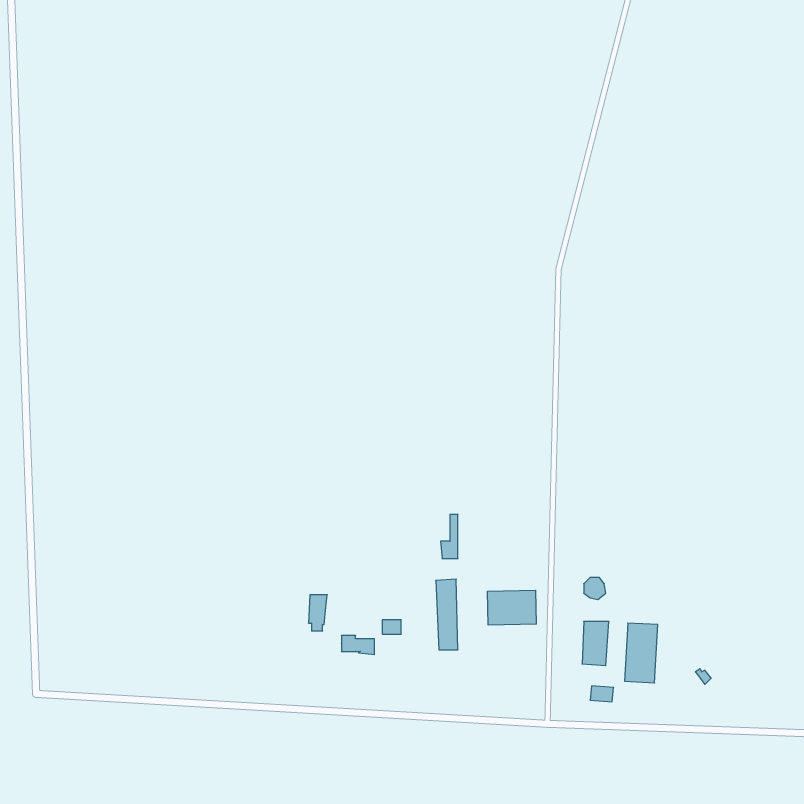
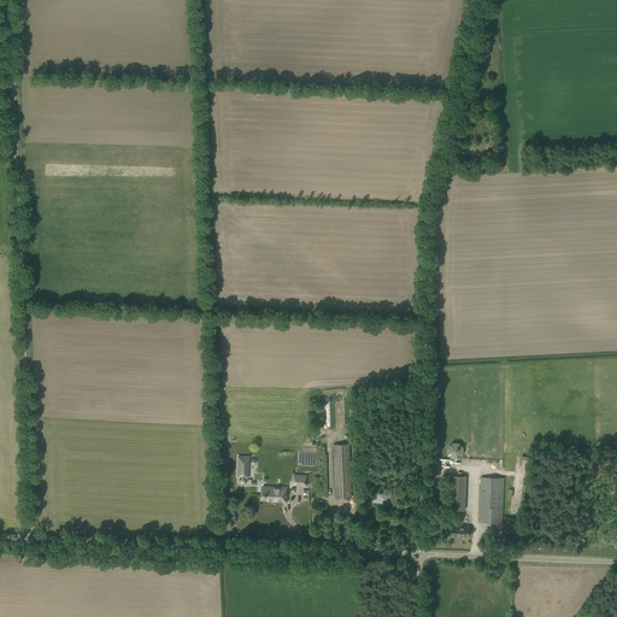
building: [488,590,536,625] -> none

